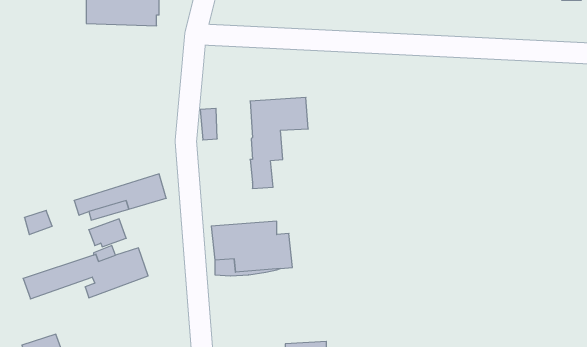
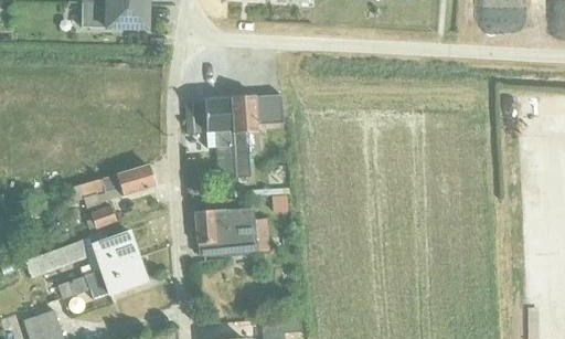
building: none -> [204,96,233,171]
building: none -> [57,255,146,298]

